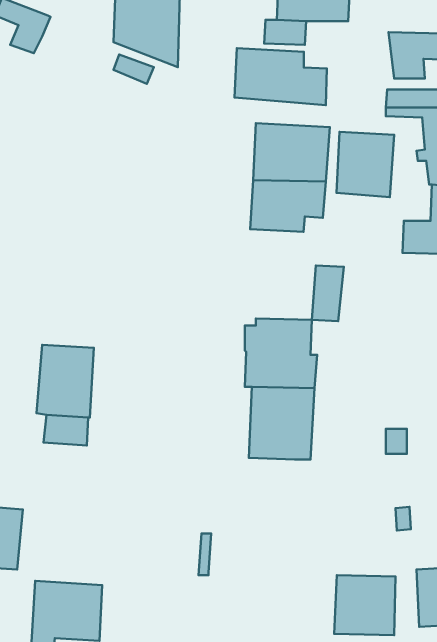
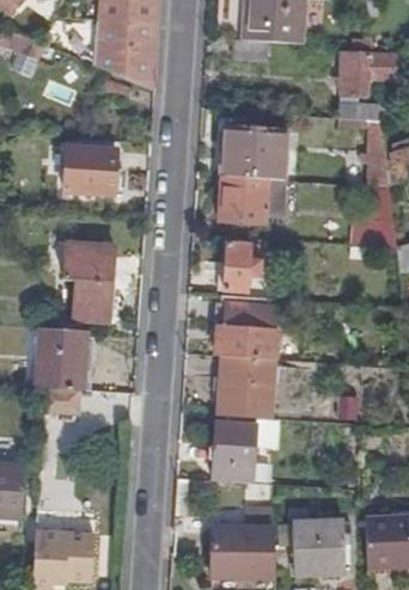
building: [234,48,327,105] -> none
building: [337,132,394,197] -> none
building: none -> [63,143,117,191]
building: none -> [61,236,112,319]
building: [312,265,344,321] -> [221,251,249,299]
building: none -> [212,422,280,486]
building: none -> [208,512,273,572]

